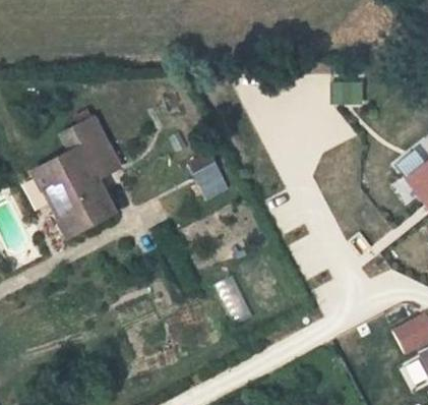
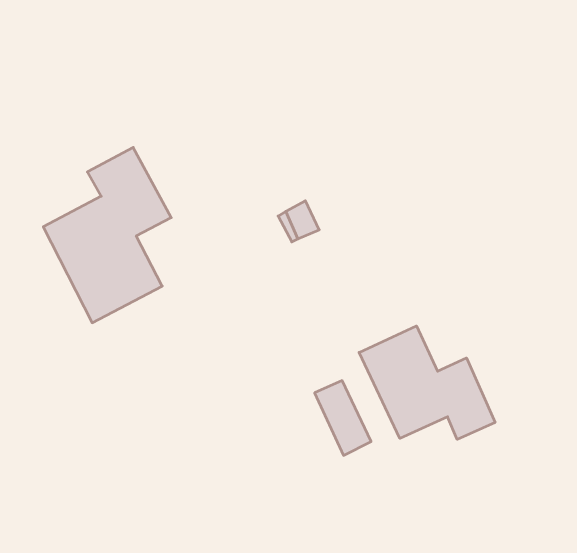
building: none -> [359,326,495,439]

